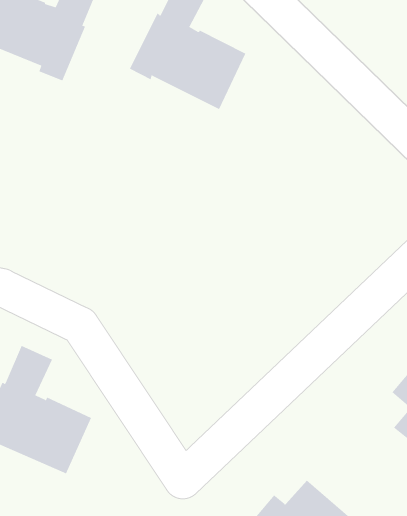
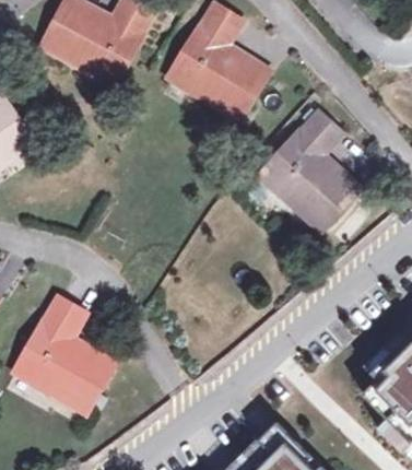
building: none -> [262,114,358,225]

